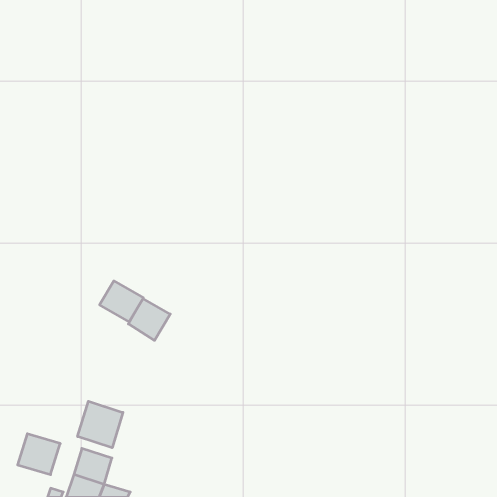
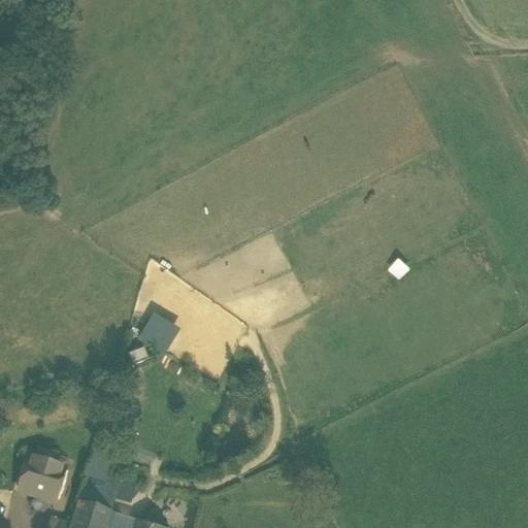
building: [100,281,143,322] -> none
building: [78,401,123,448] -> none

